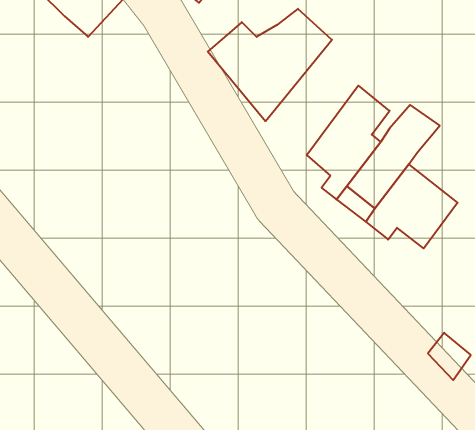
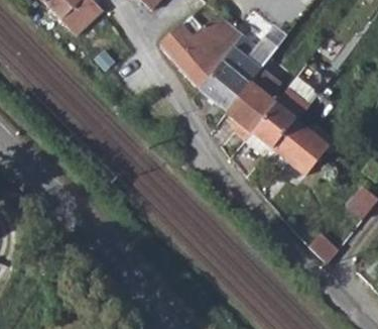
building: none -> [199,34,279,113]

